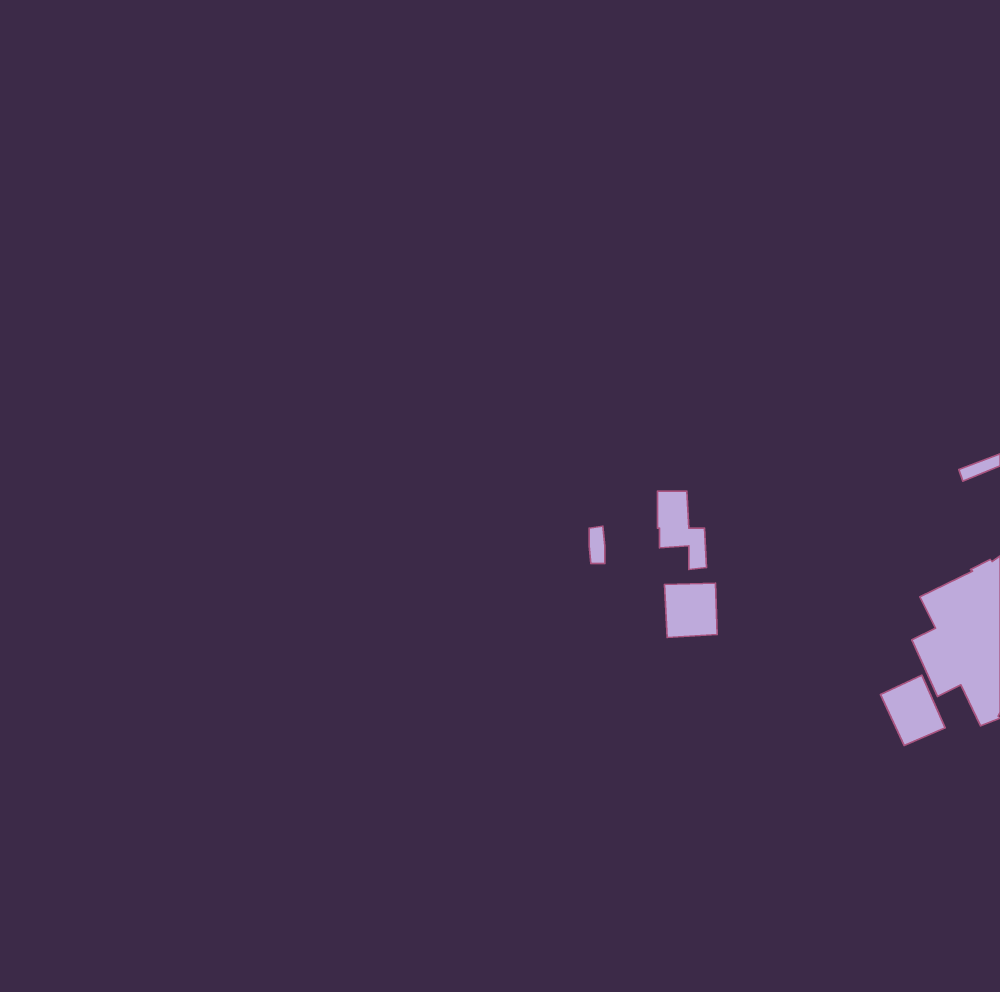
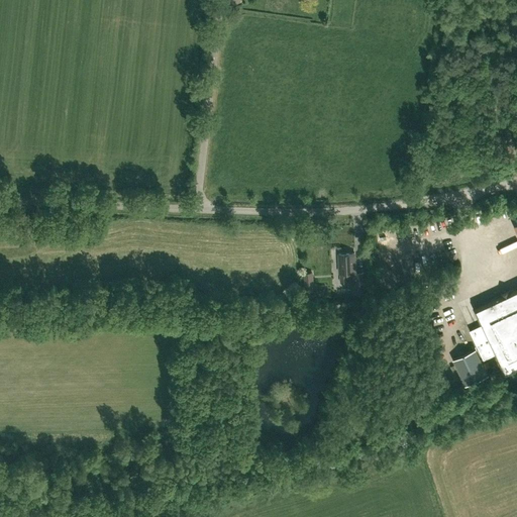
building: [665,583,717,638] -> none

